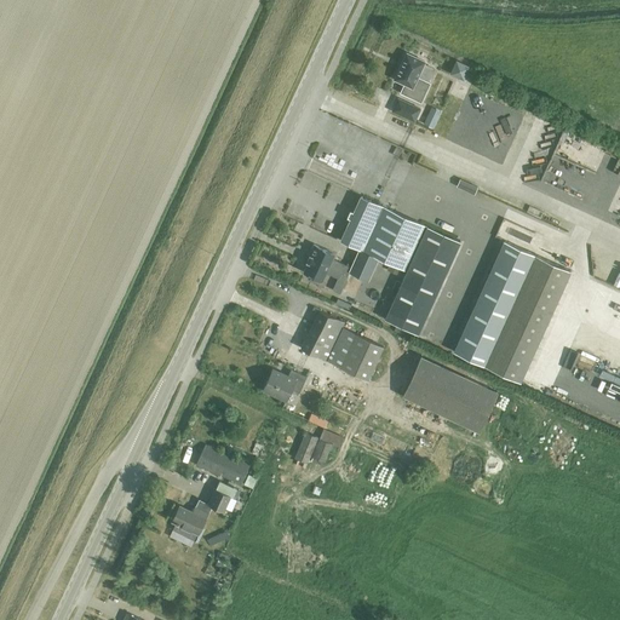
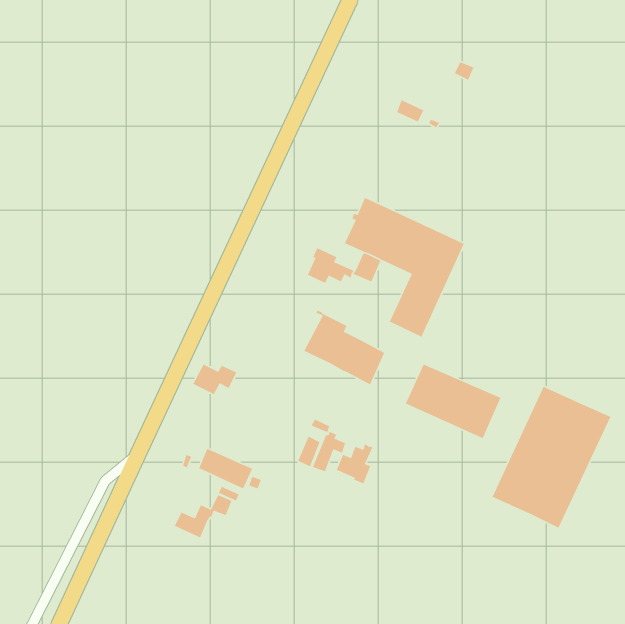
building: [395,54,430,103] -> none
building: [453,242,572,384] -> [492,386,612,529]
building: [262,368,306,400] -> [192,364,237,395]
building: none -> [336,443,373,485]

